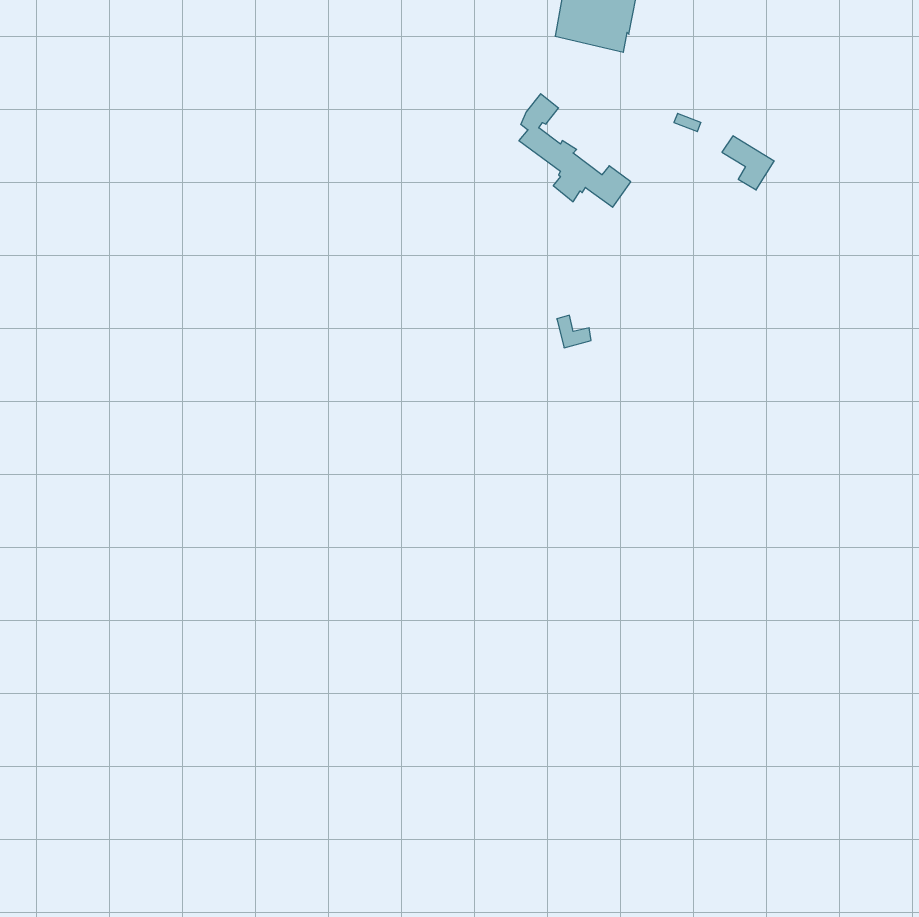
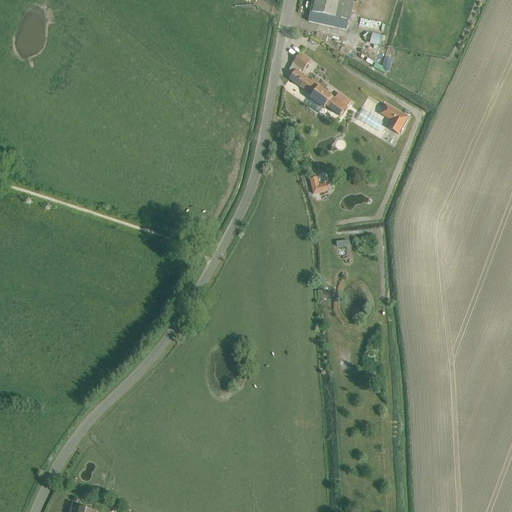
building: [722,136,774,190] -> [379,103,408,133]

